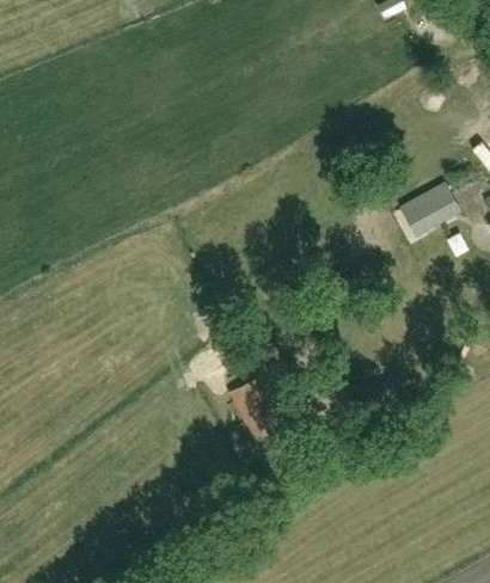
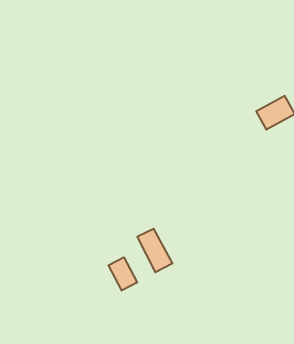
building: none -> [108,257,137,291]

